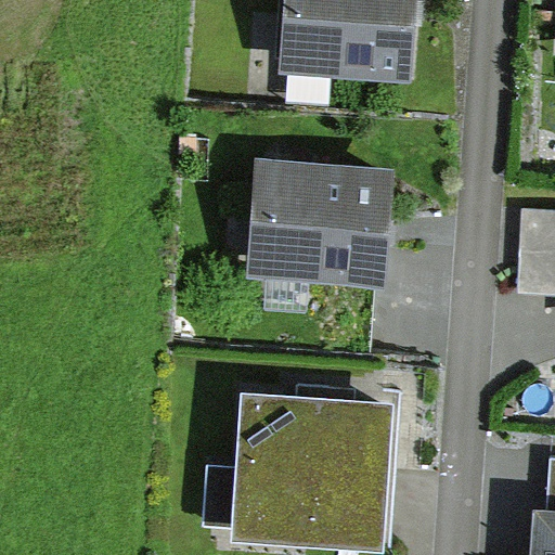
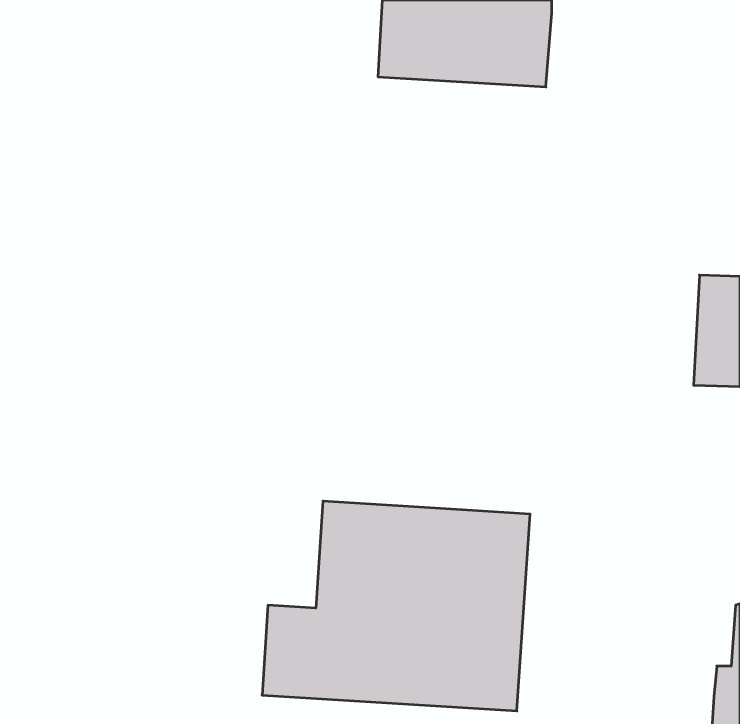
building: [245,162,392,289] -> none

